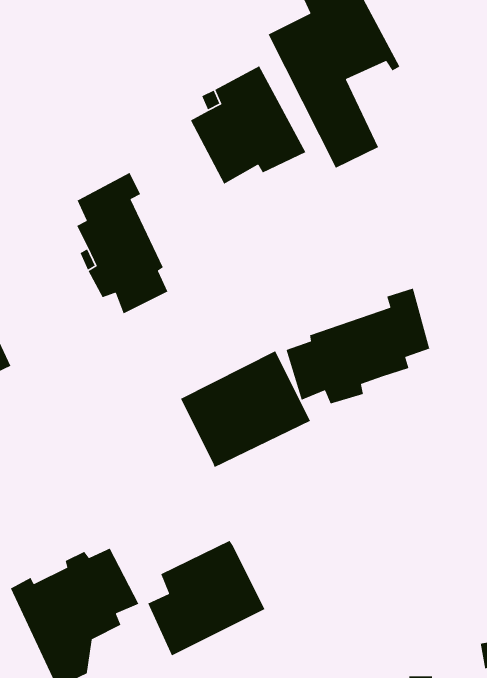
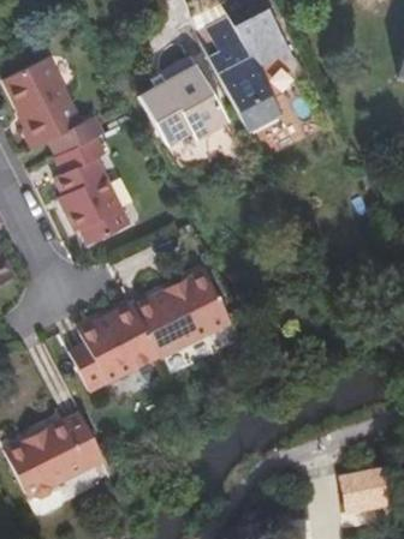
building: none -> [6,59,106,157]
building: [286,288,431,404] -> none
building: [147,540,266,656] -> [71,301,159,388]

